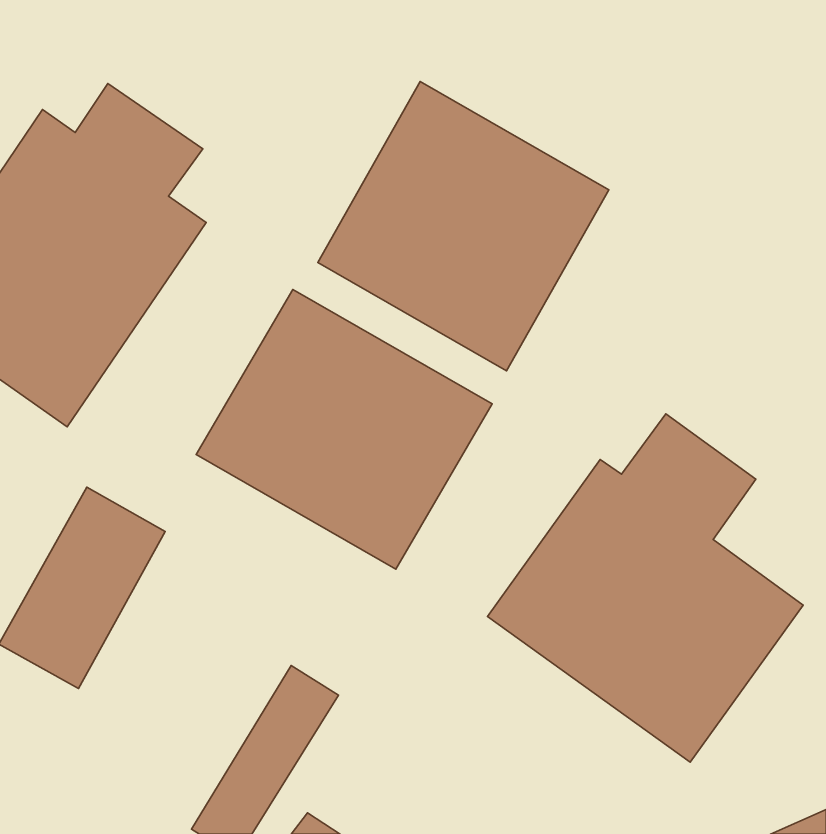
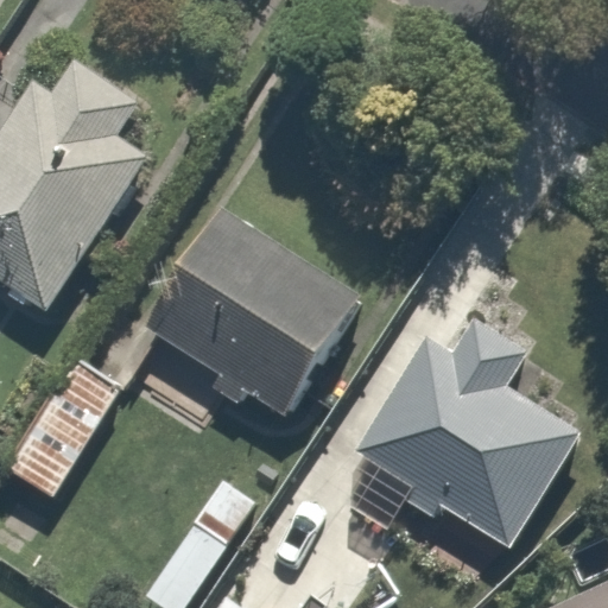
building: [318,82,609,371] -> none

